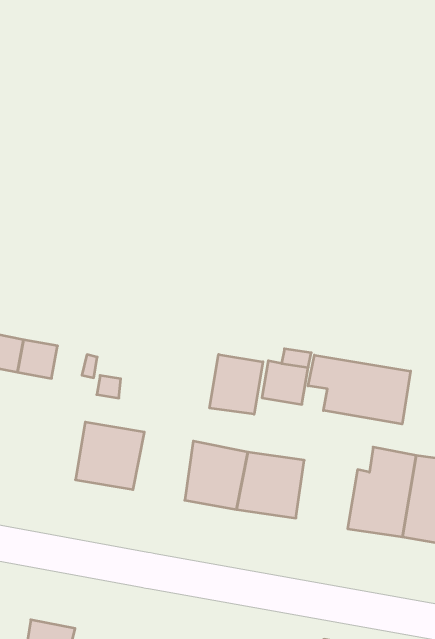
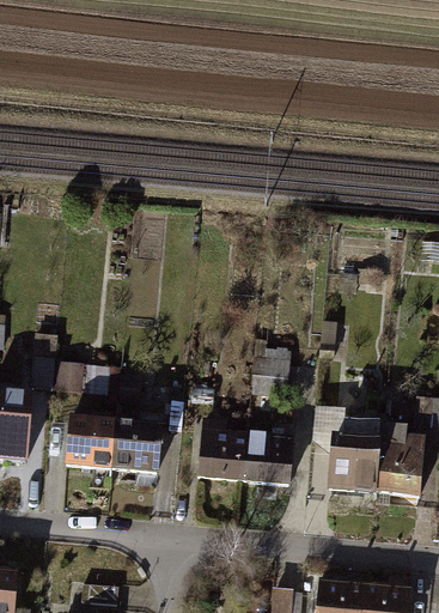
building: [210,354,263,414] -> none
building: [308,355,411,424] -> none
building: none -> [63,411,112,468]

